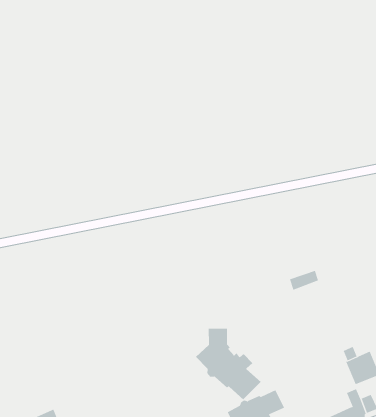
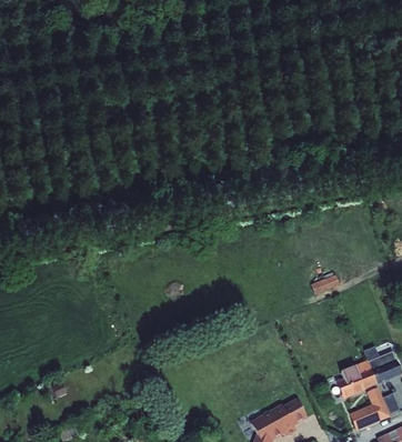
building: [195,328,261,400] -> none
building: none -> [336,362,375,400]

